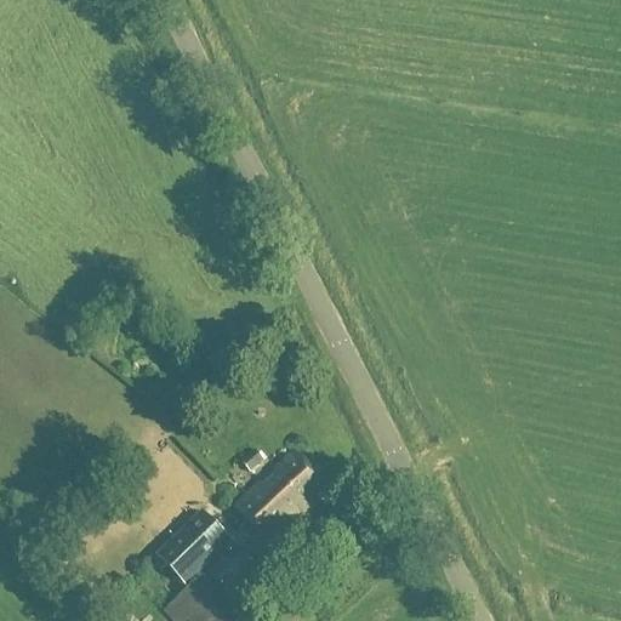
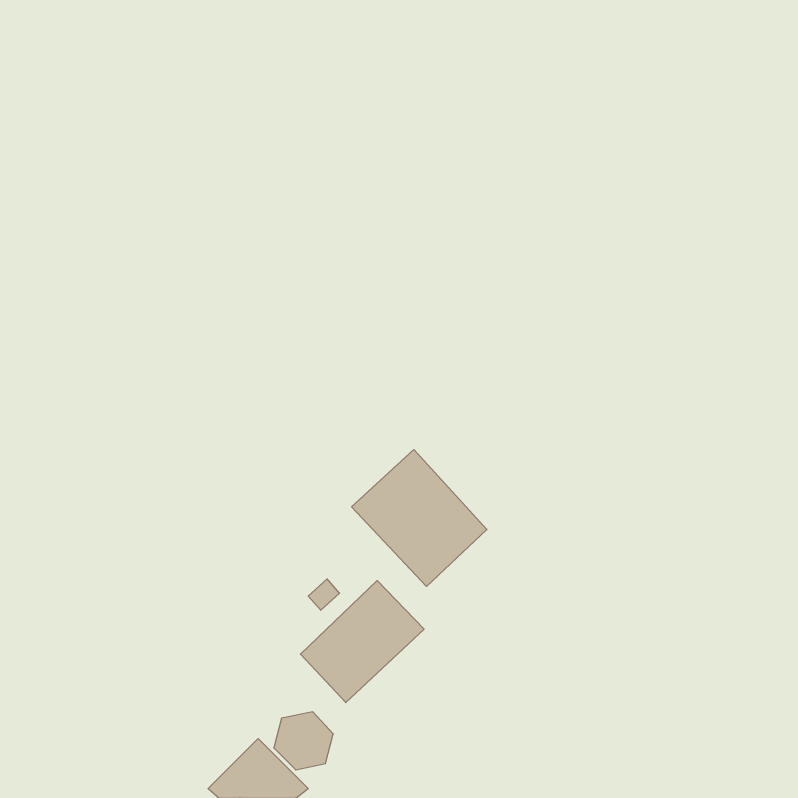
building: none -> [352,450,487,586]
building: [156,512,229,585] -> none

